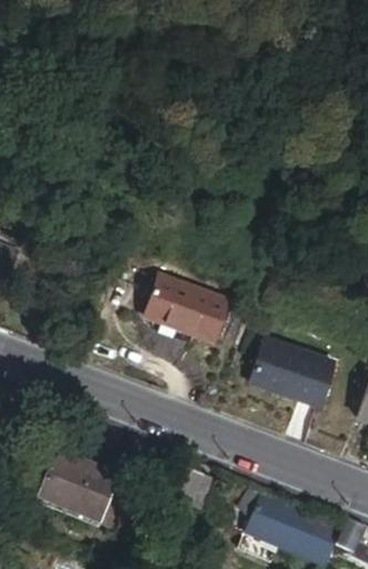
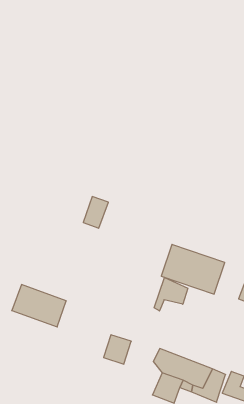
building: [166,287,225,339] -> none
building: none -> [154,277,188,311]
building: [41,450,116,508] -> [12,285,66,327]

